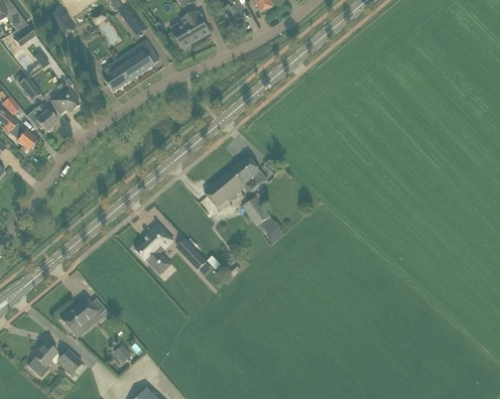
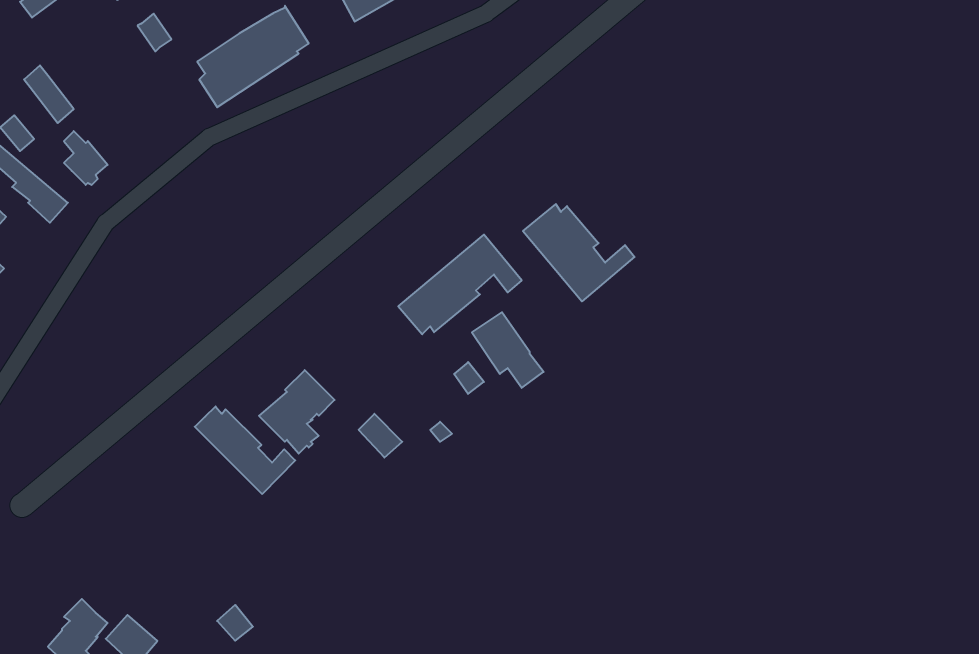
building: [49,86,80,114] -> none
building: none -> [523,204,635,301]
building: none -> [195,406,295,494]
building: [60,296,101,337] -> none

